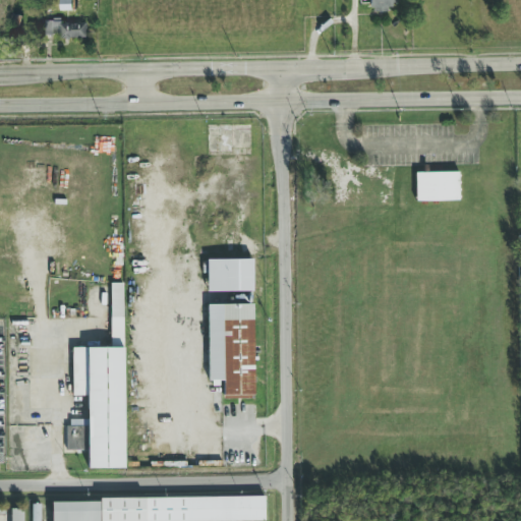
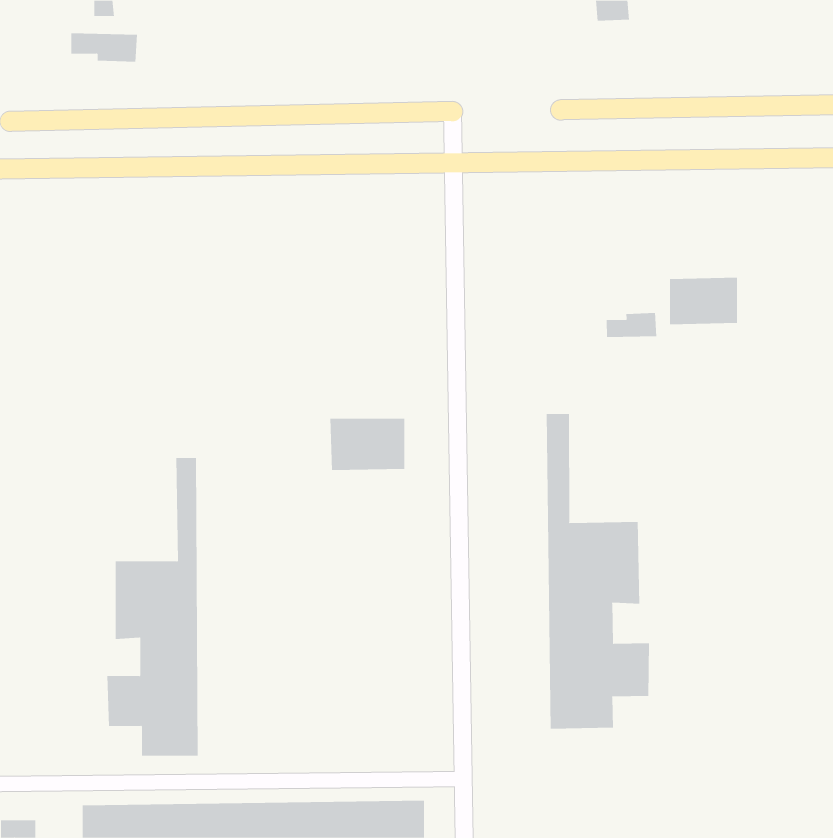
building: none -> [606,312,657,338]
building: none -> [546,413,650,729]
building: [210,304,256,399] -> none

